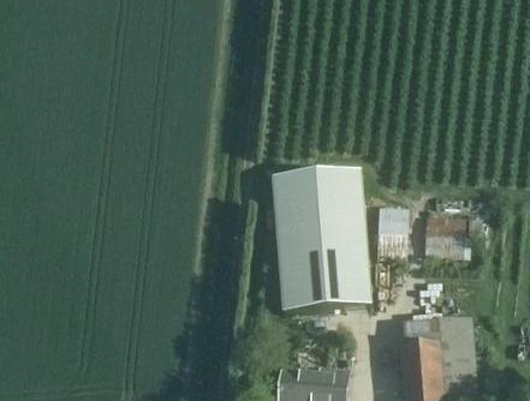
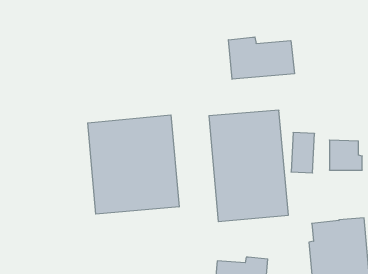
building: none -> [228,37,294,79]
building: none -> [88,115,179,214]

